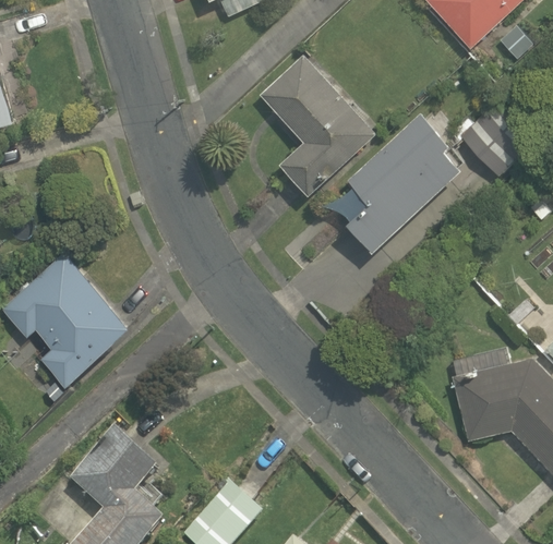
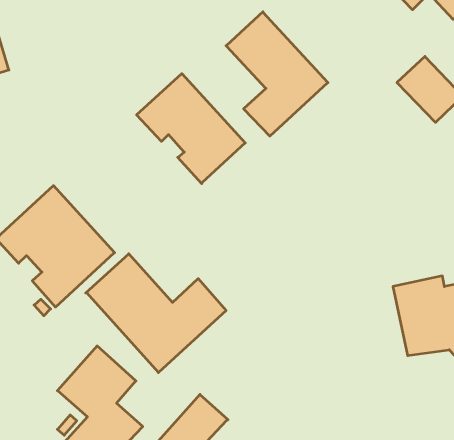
building: none -> [137,74,245,184]
building: [308,125,467,255] -> none
building: none -> [86,254,226,373]

